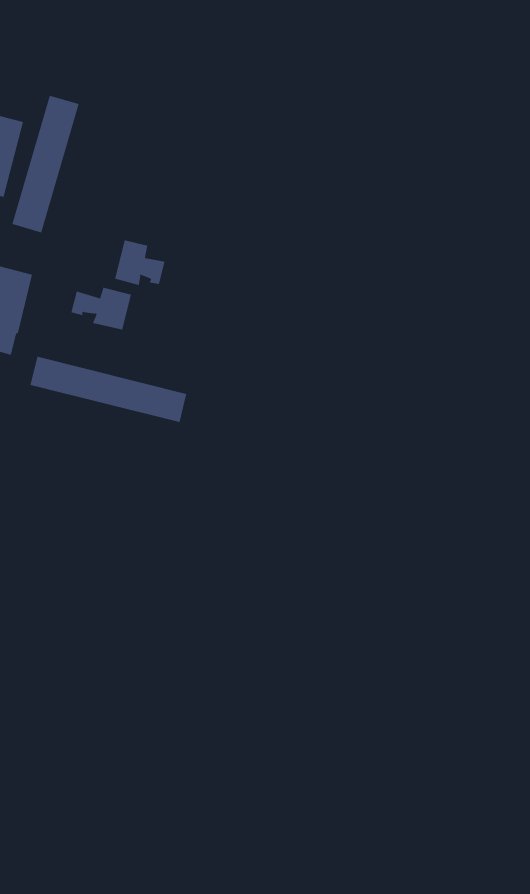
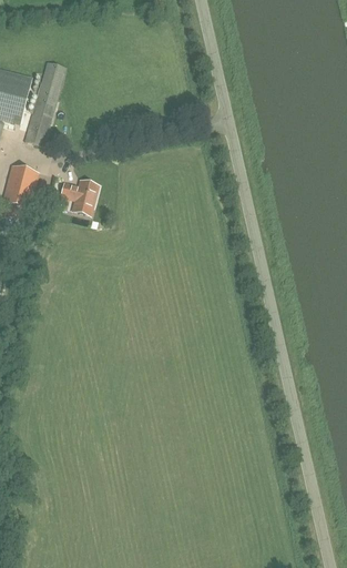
building: [115,239,165,286] -> none
building: [30,356,187,423] -> none

